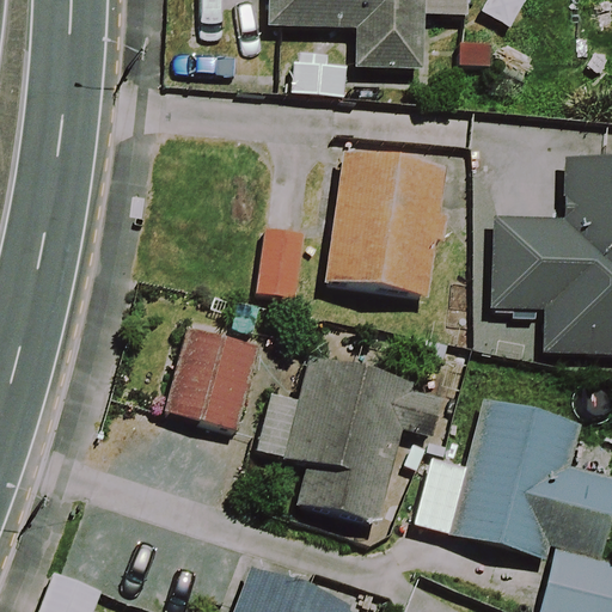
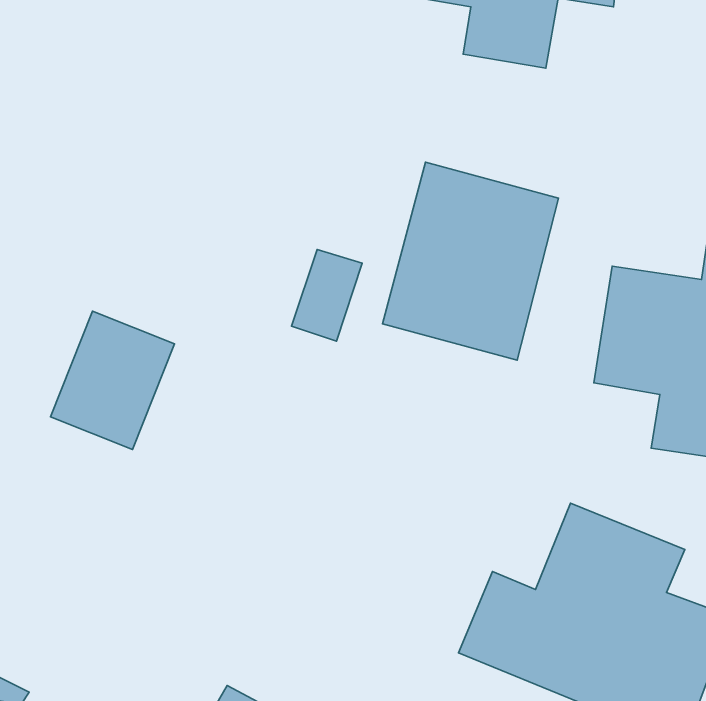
building: [169,328,256,429] -> [51,311,174,449]
building: [256,361,440,527] -> none

